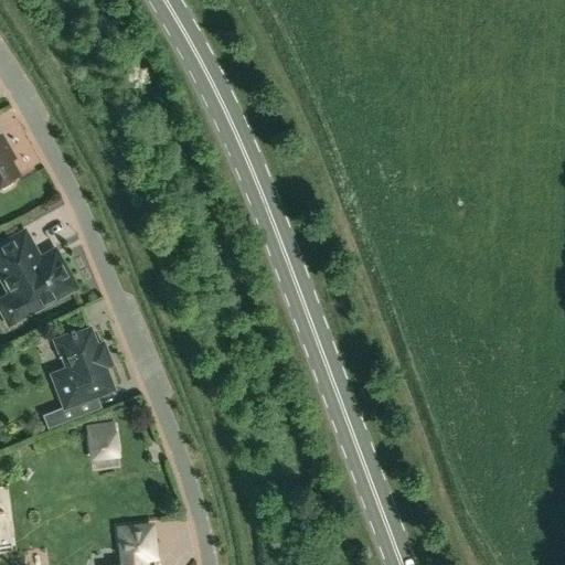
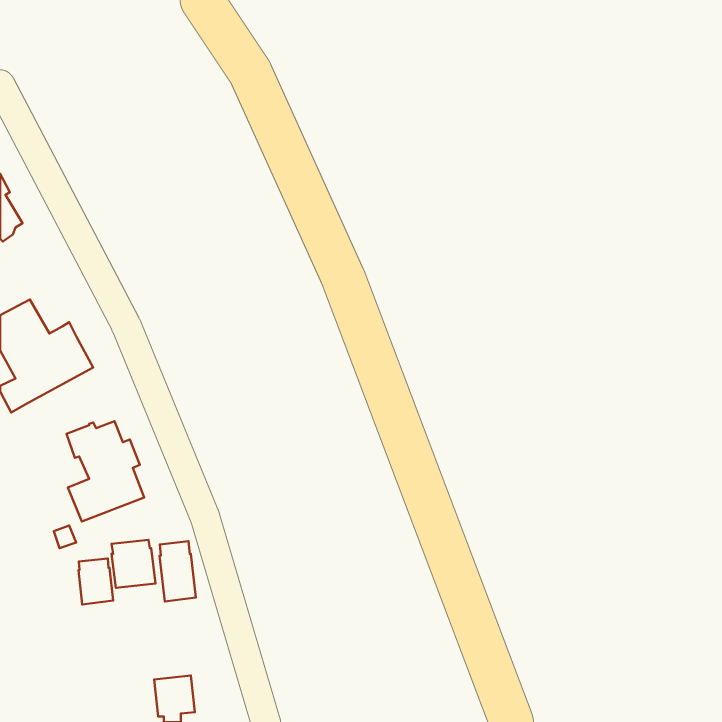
building: none -> [160,541,196,602]
building: none -> [79,558,113,604]

